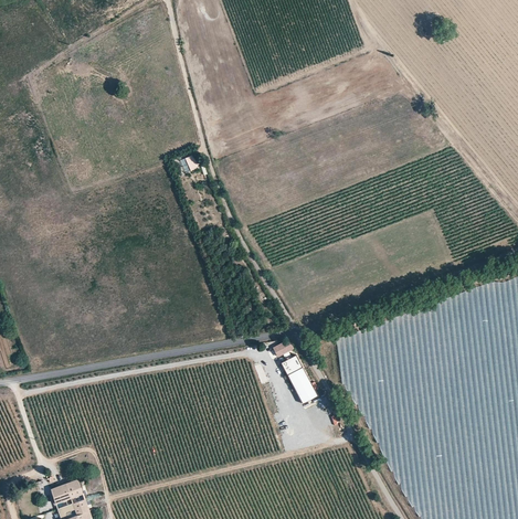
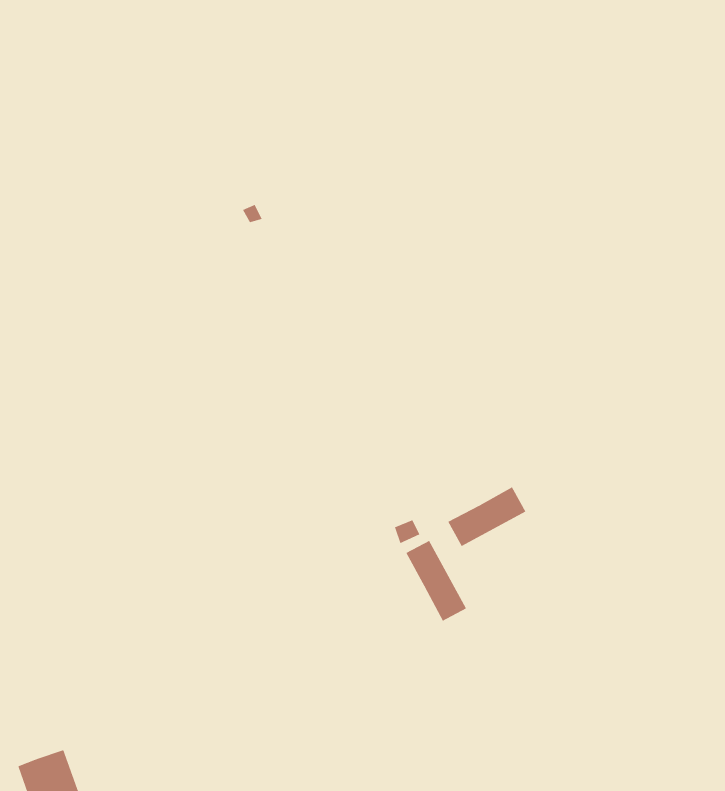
building: none -> [448,487,526,547]

